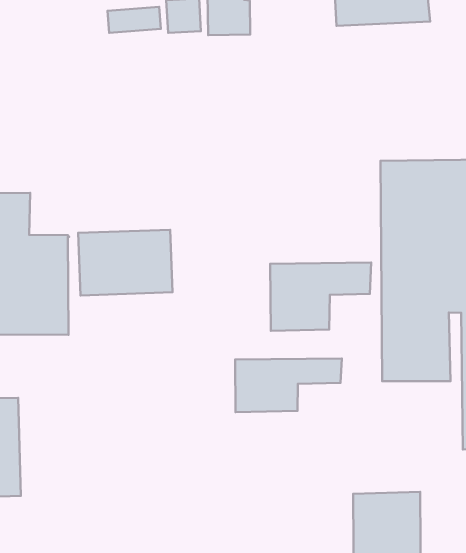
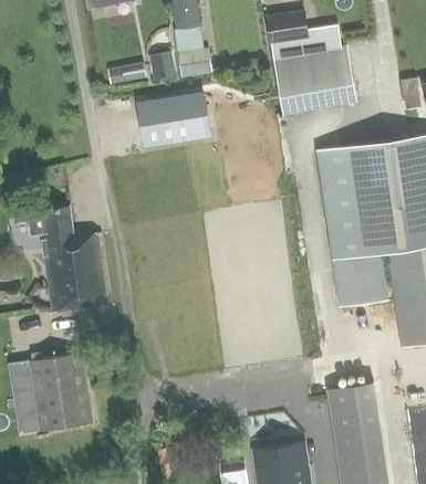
building: none -> [272,45,356,115]
building: [78,230,173,295] -> [136,93,209,148]
building: [270,263,371,331] -> none
building: [235,358,342,412] -> none

